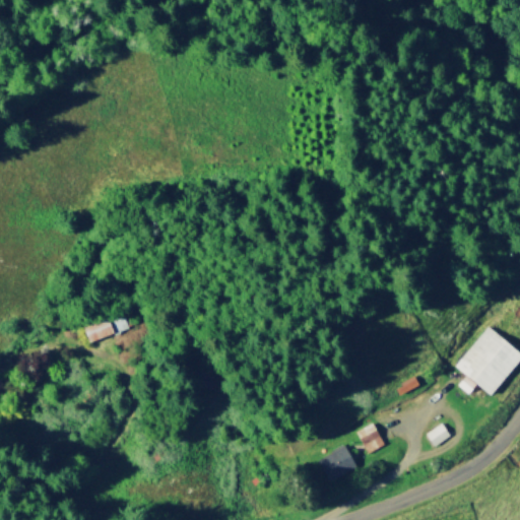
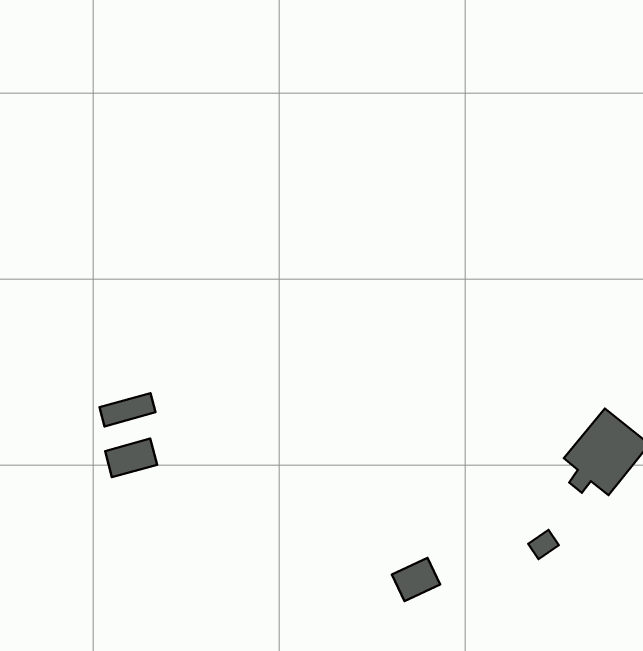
building: none -> [105,439,157,477]
building: [358,422,386,453] -> none

